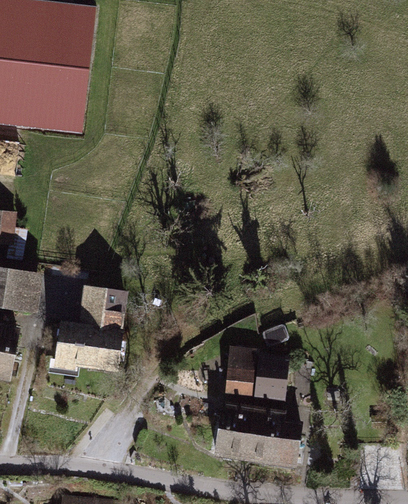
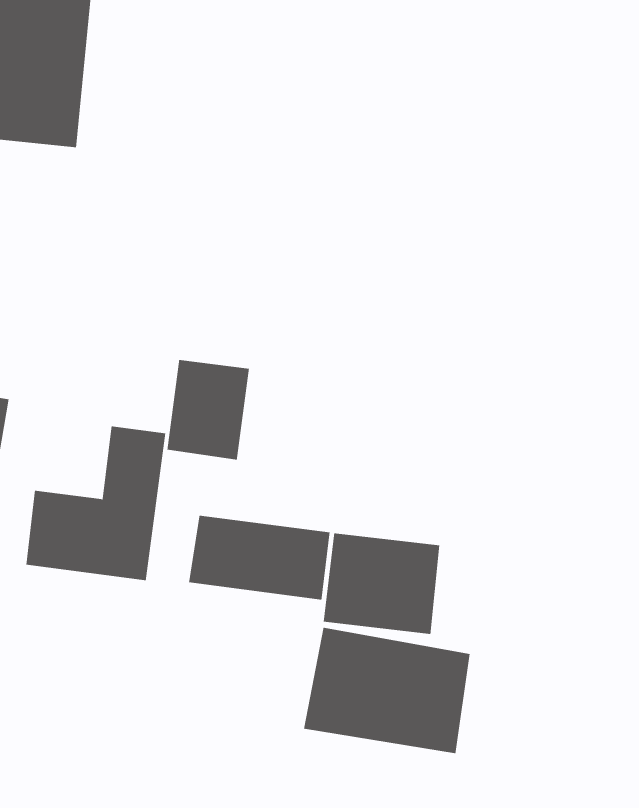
building: none -> [167,359,249,461]
building: none -> [188,515,330,601]

